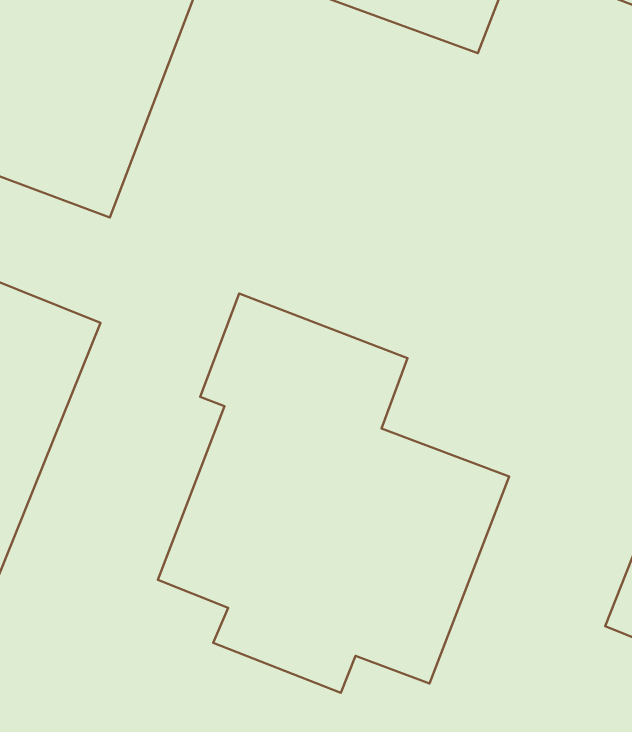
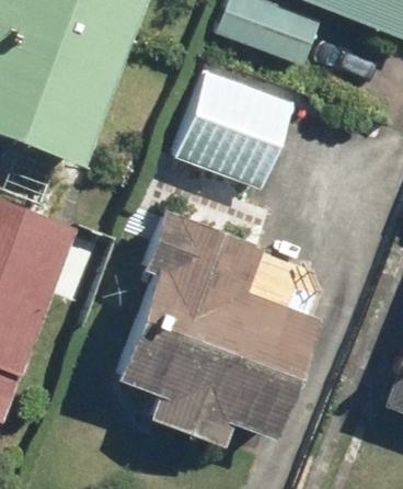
building: none -> [173,70,295,189]

